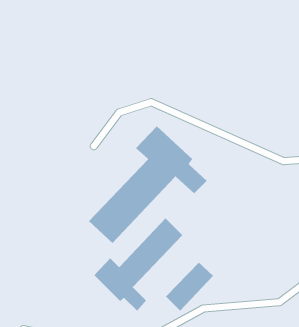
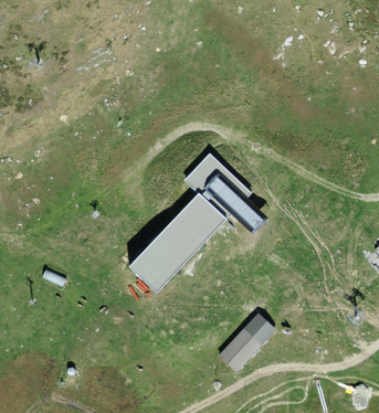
building: [93,218,183,311] -> none

